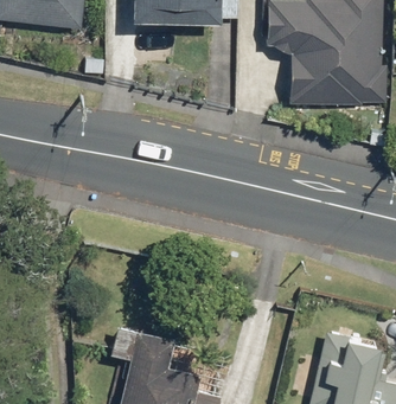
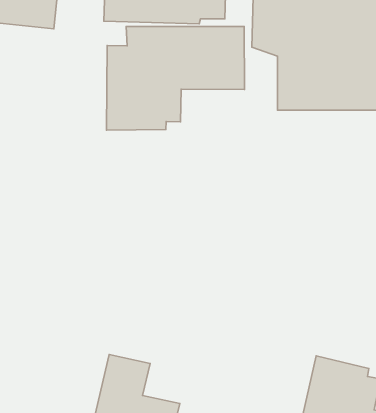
building: none -> [107,27,244,130]

